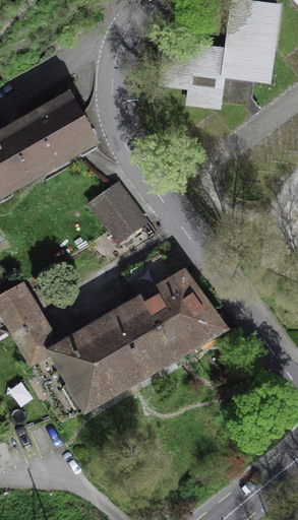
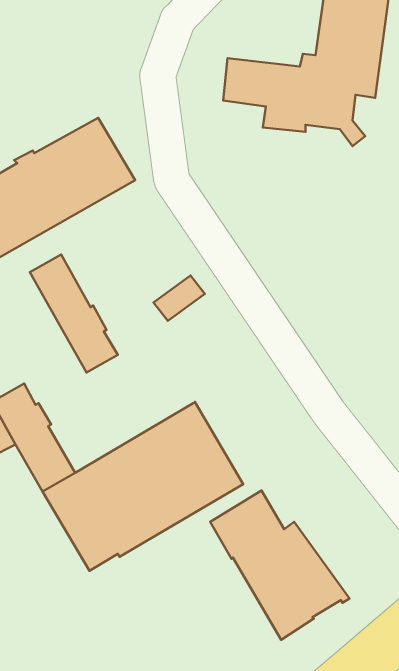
building: [93,181,138,226] -> none
building: none -> [30,254,118,373]
building: [125,250,225,356] -> [210,491,350,640]

